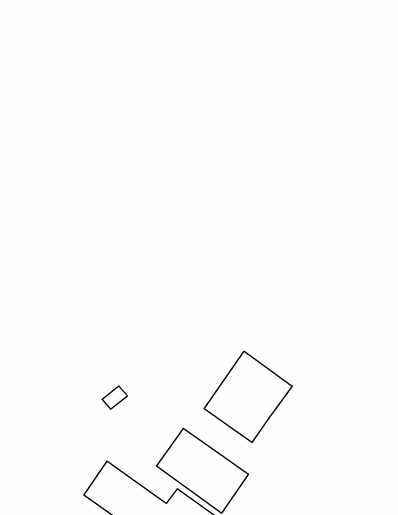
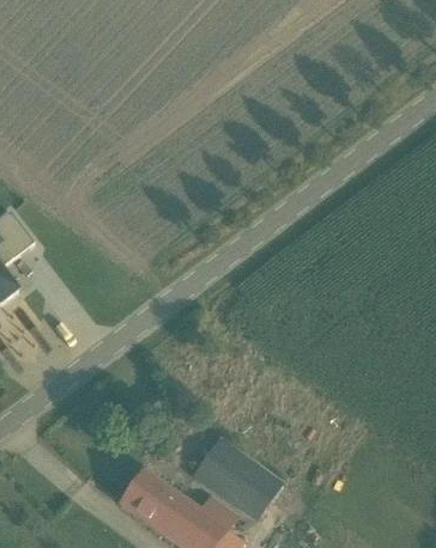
building: [204,351,292,442] -> none

